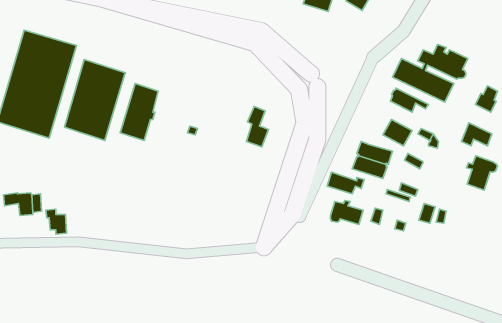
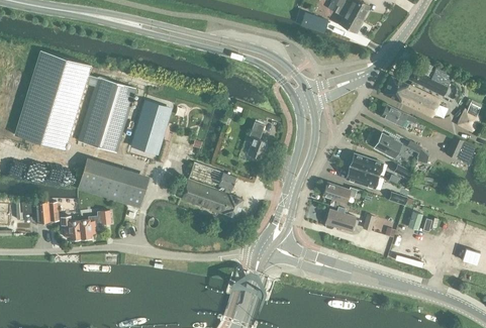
building: none -> [78,165,148,209]
building: none -> [182,165,242,218]
building: [466,156,498,190] -> none
building: none -> [80,211,111,239]

